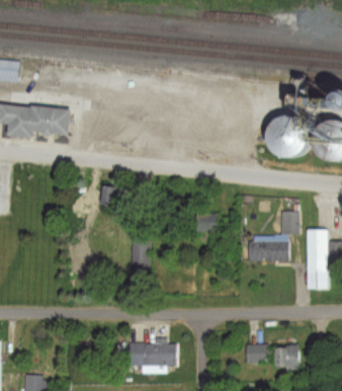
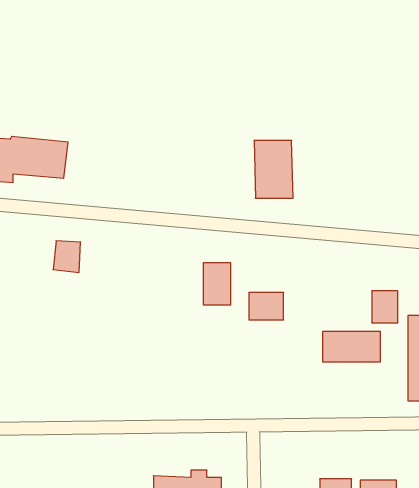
building: [269,116,296,157] -> [254,140,293,198]
building: [100,186,119,209] -> [53,241,81,272]
building: [133,239,152,268] -> [203,263,231,305]

